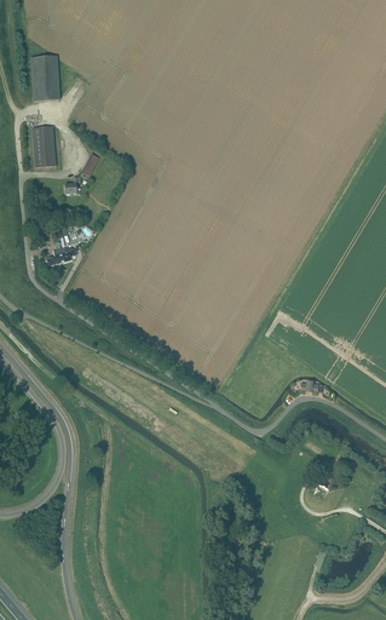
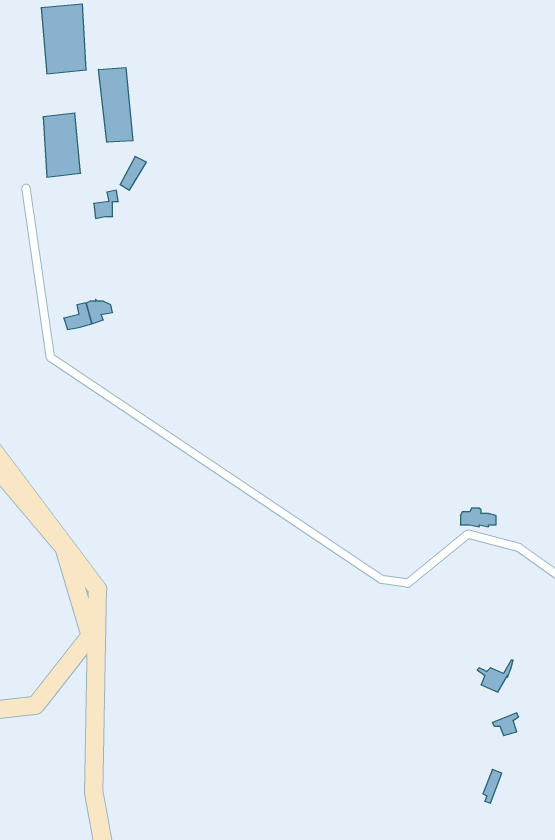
building: none -> [99,68,133,142]

